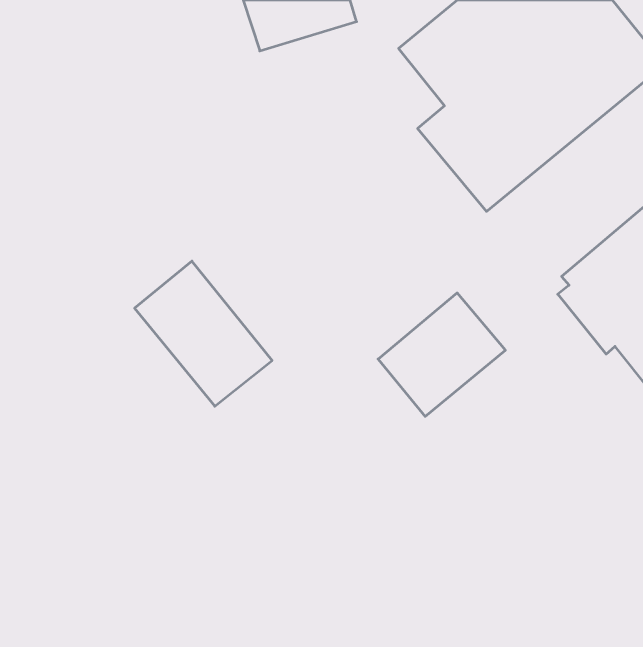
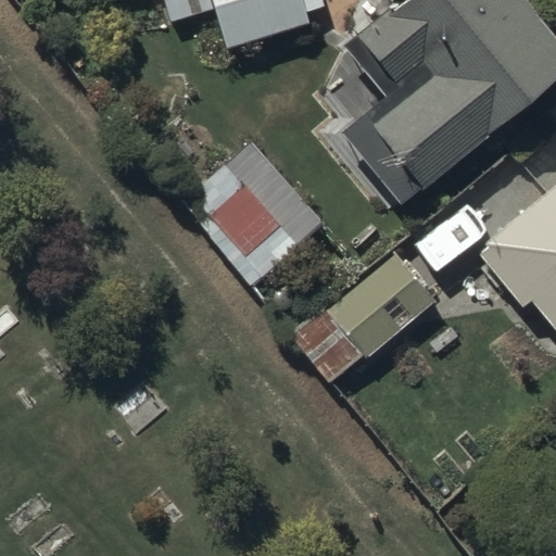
building: [135,261,272,406] -> [184,160,301,283]

